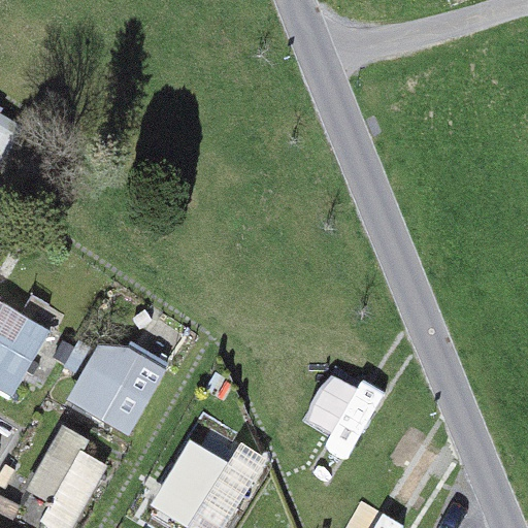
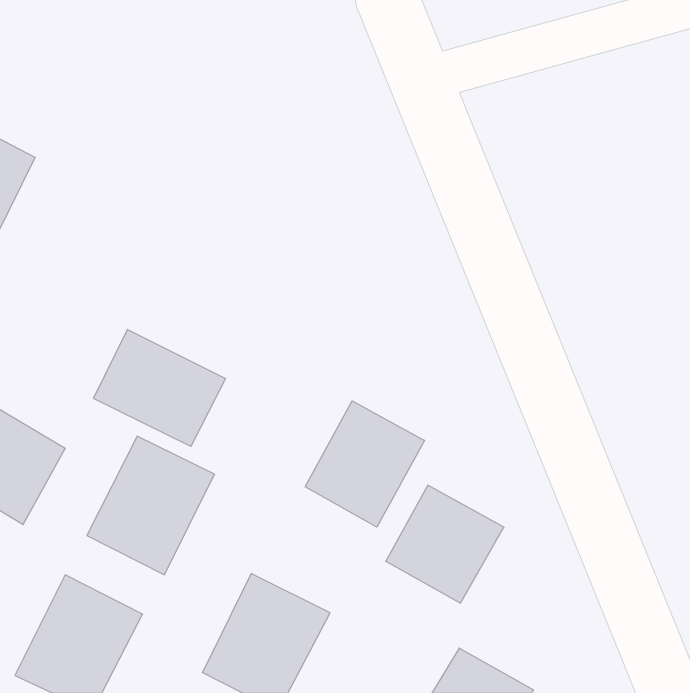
building: none -> [94,329,225,446]
building: none -> [305,401,425,527]

